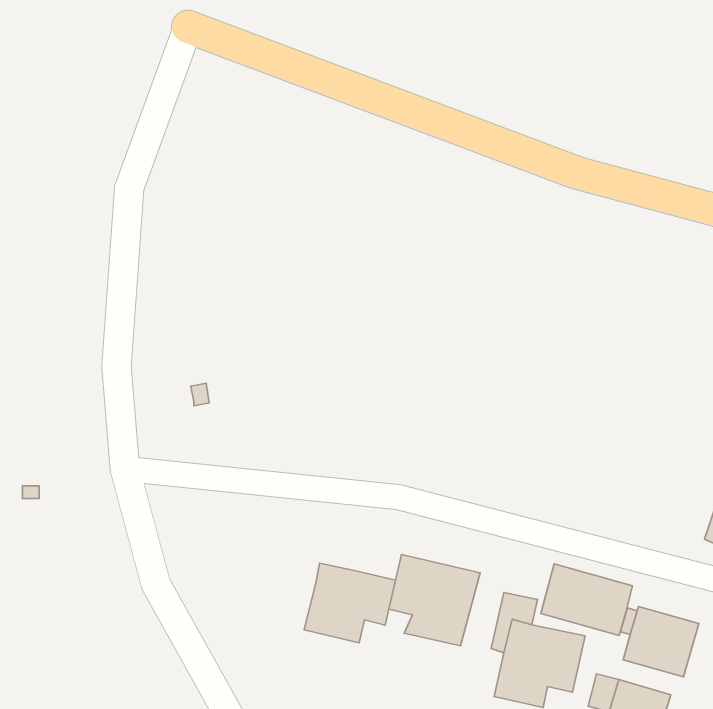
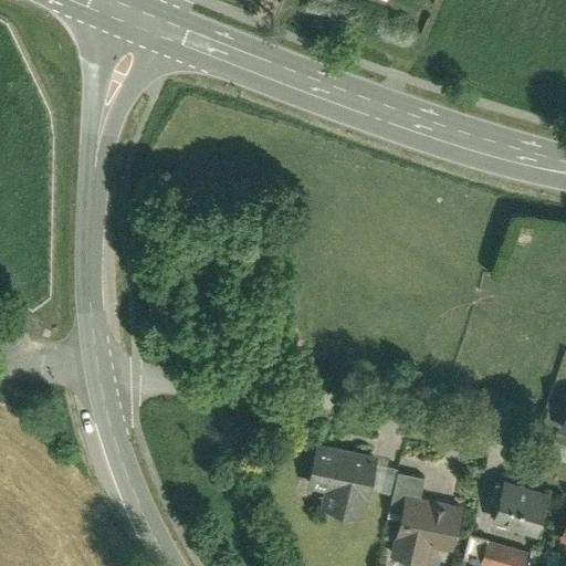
building: [304,563,396,643] -> none
building: [541,564,632,636] -> none

